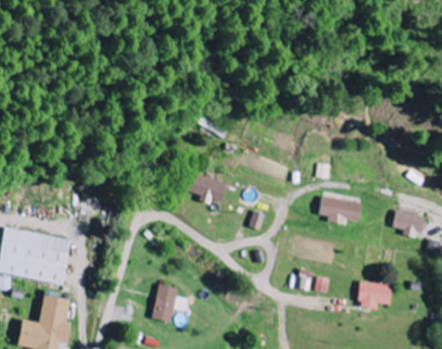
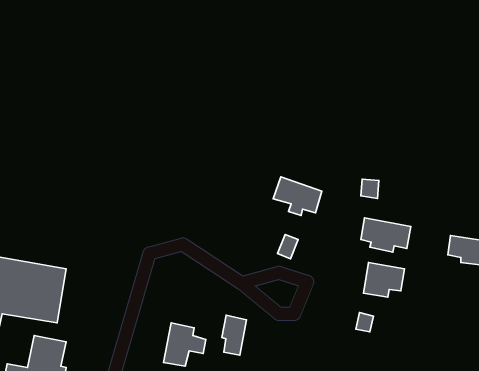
building: [186,171,227,203] -> [273,177,322,215]
building: none -> [222,315,246,355]
building: [355,279,390,309] -> [364,263,405,297]

